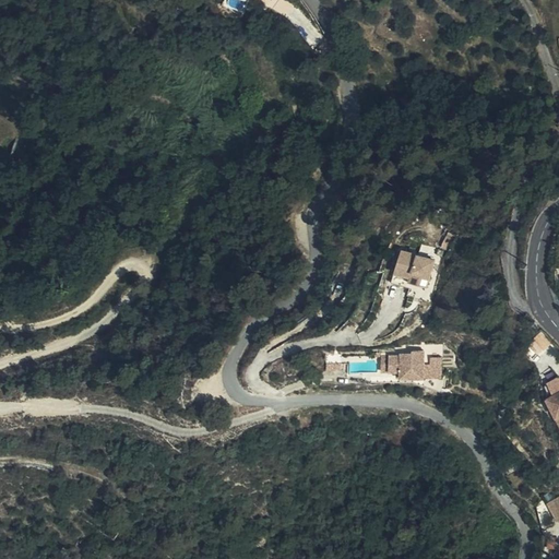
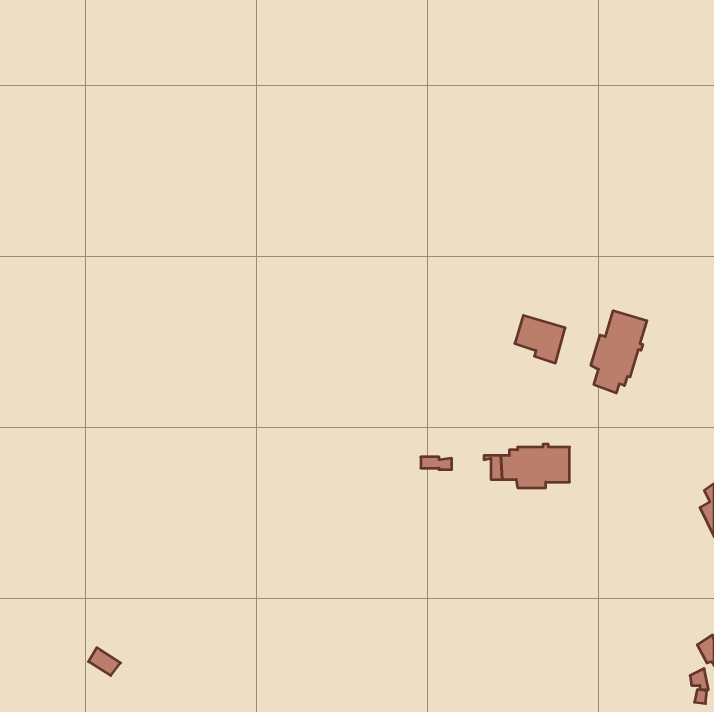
building: none -> [591,311,647,393]

